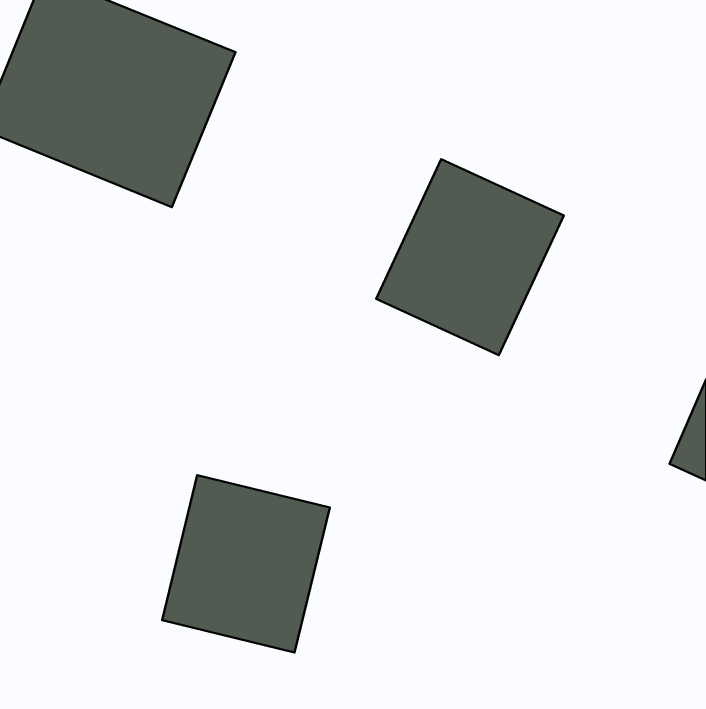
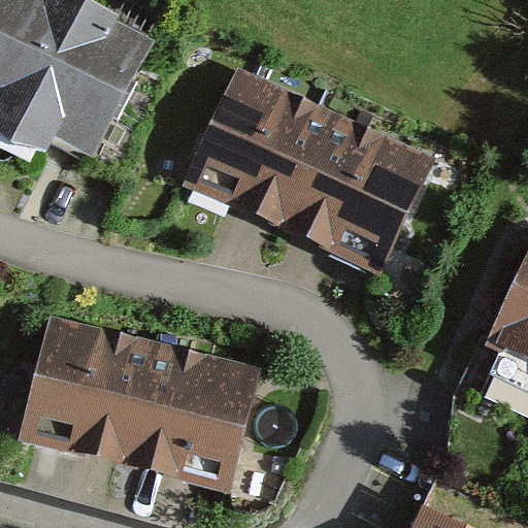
building: none -> [185,75,323,219]
building: none -> [22,325,144,454]

